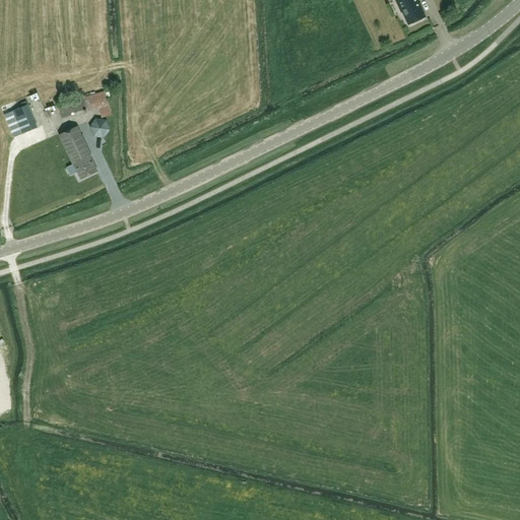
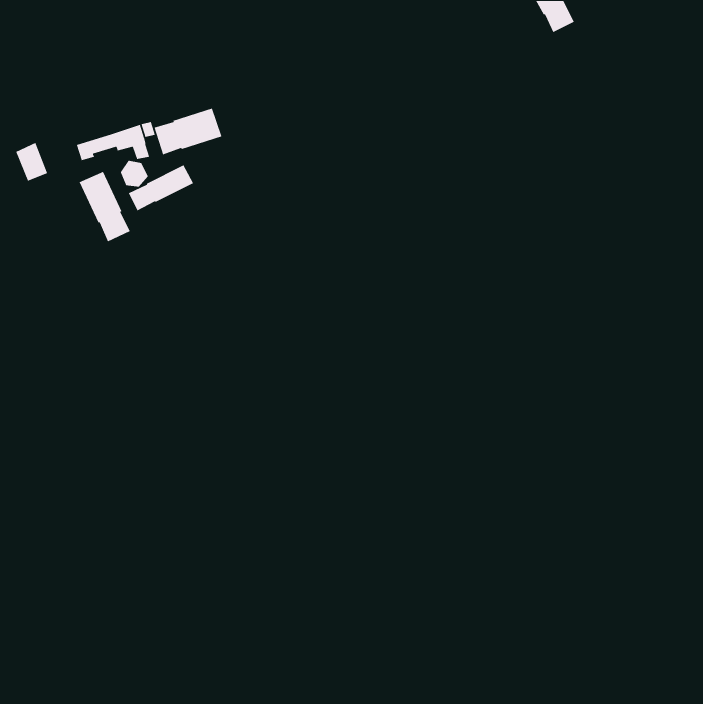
building: none -> [153,107,222,155]
building: none -> [128,164,194,211]

